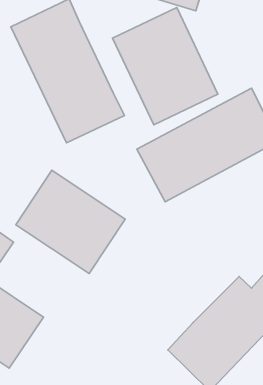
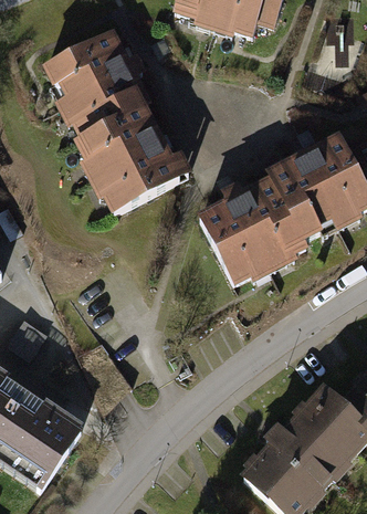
building: [113,7,218,125] -> none
building: [16,170,125,274] -> none

